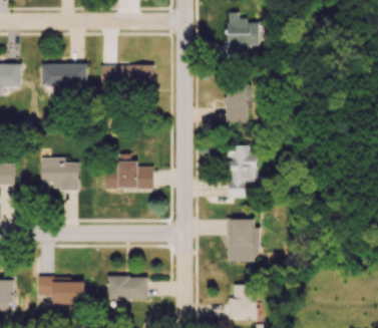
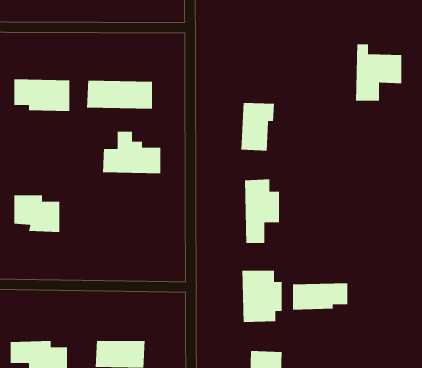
building: [228,13,266,60] -> [355,44,402,102]
building: [105,154,153,190] -> [102,131,161,174]
building: none -> [292,283,348,311]

